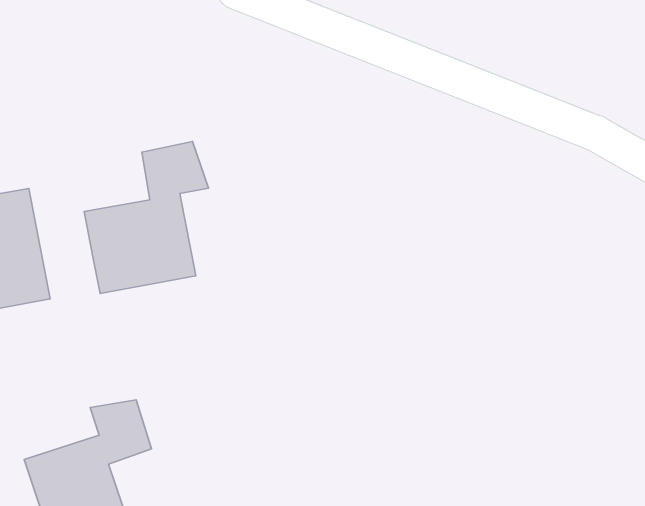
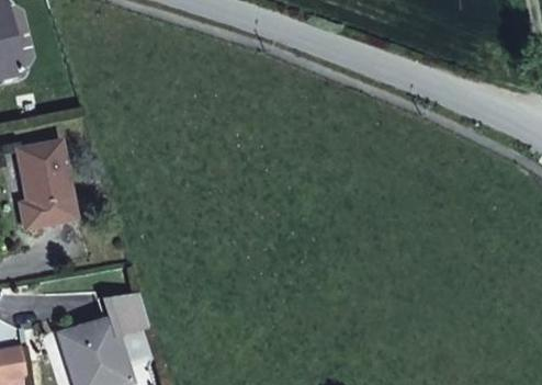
building: [84,142,209,294] -> none

